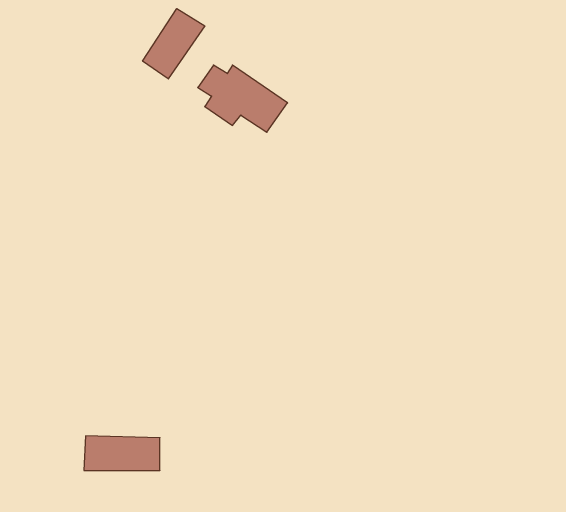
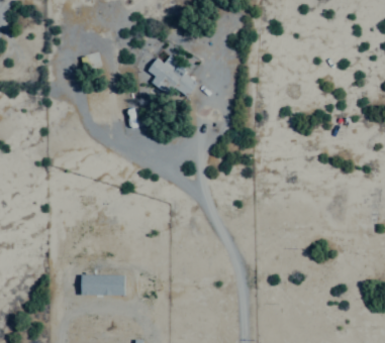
building: [143,9,205,79] -> none

